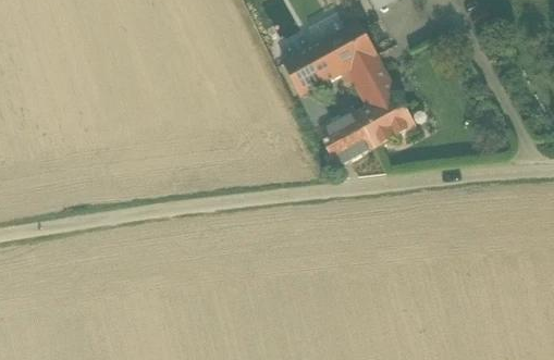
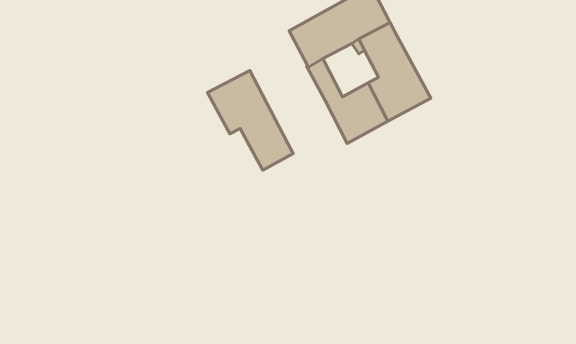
building: none -> [207,70,293,170]

